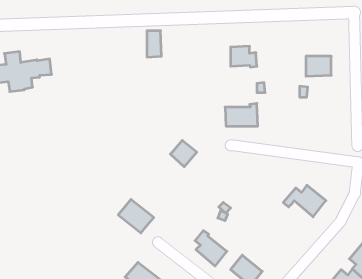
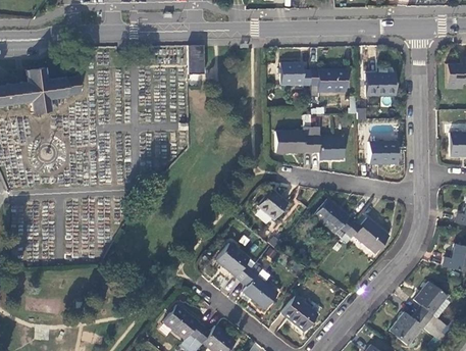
building: none -> [310,68,347,90]
building: none -> [311,126,343,158]
building: none -> [369,141,397,162]
building: [170,140,197,167] -> [258,189,288,218]
building: none -> [314,198,355,237]
building: [118,199,154,233] -> [216,242,256,280]

